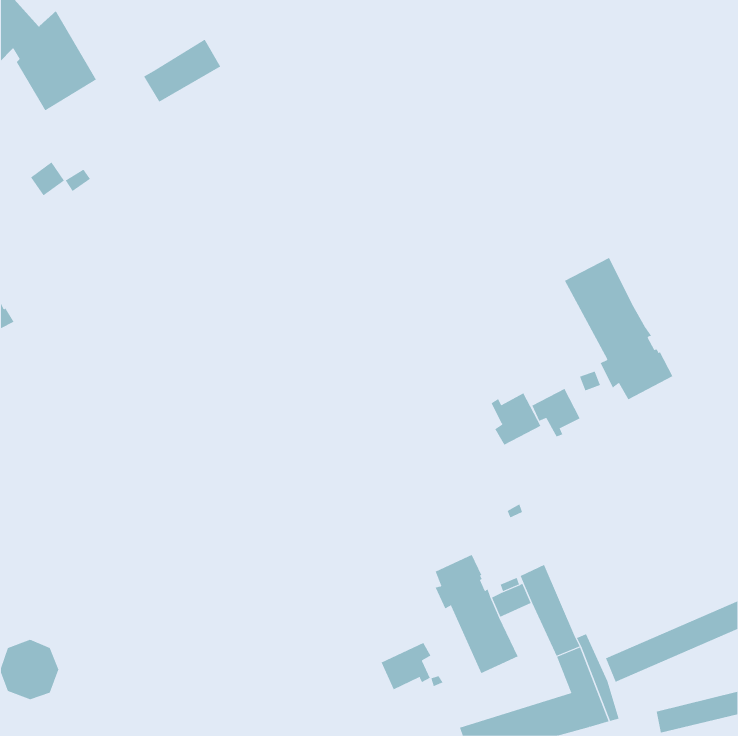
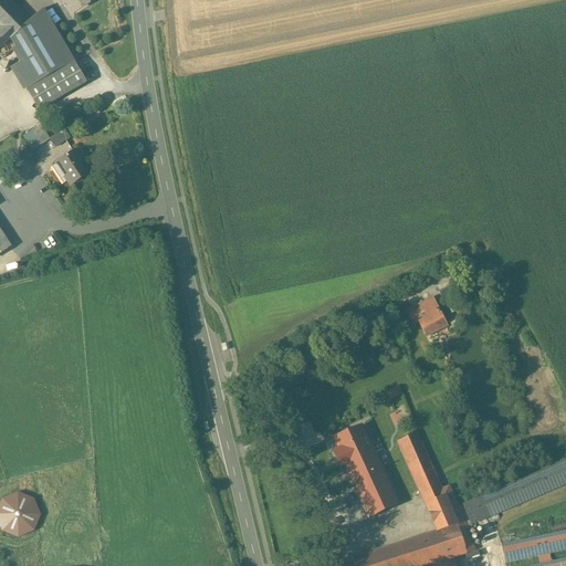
building: [143,39,221,102] -> [27,61,86,109]
building: none -> [51,149,91,186]
building: [564,257,673,400] -> none
building: [491,392,541,445] -> none
building: [381,642,431,690] -> none

